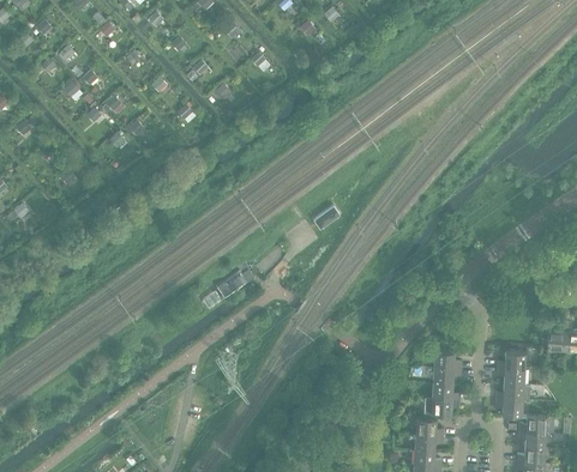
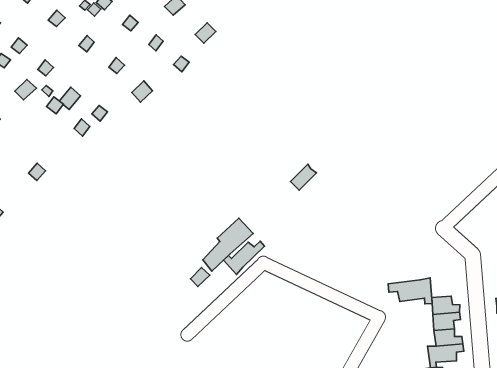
building: none -> [224,241,265,274]
building: none -> [388,278,432,304]

